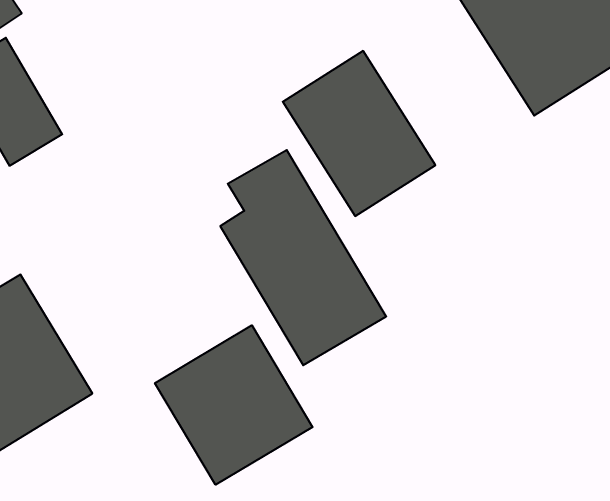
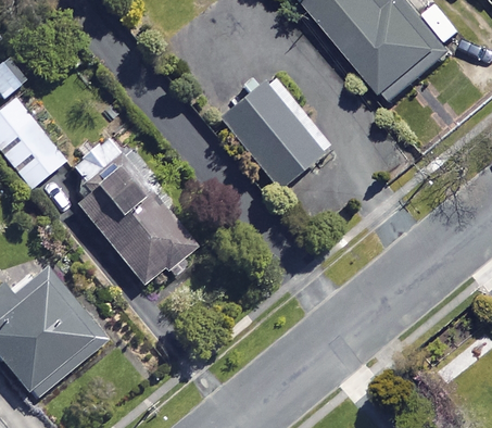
building: [220,150,386,365] -> [70,136,194,285]
building: [155,325,313,485] -> none

